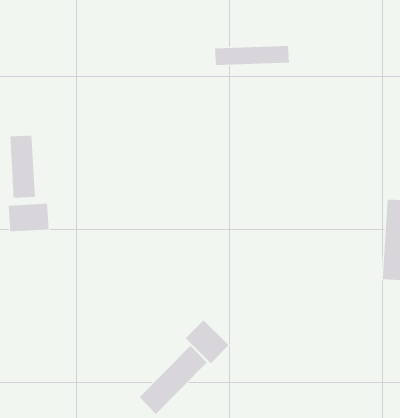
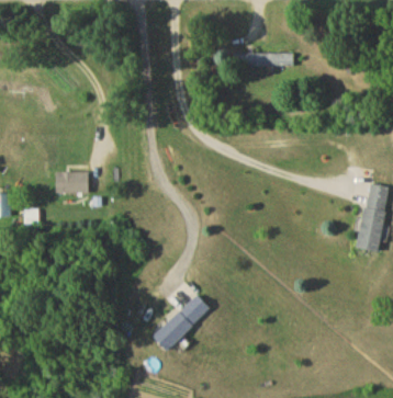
building: [10,135,35,199] -> none
building: [185,319,229,364] -> none

